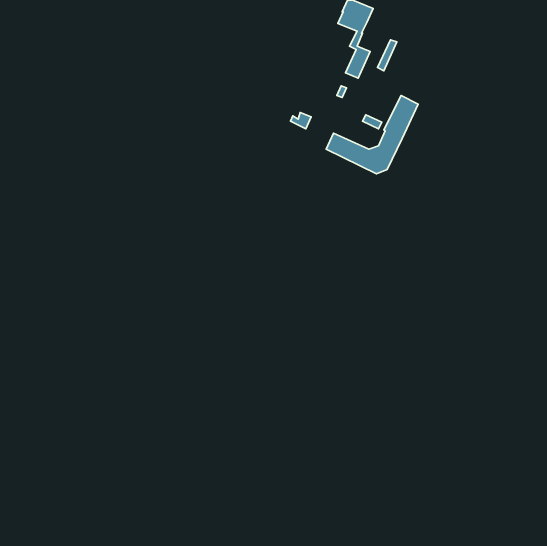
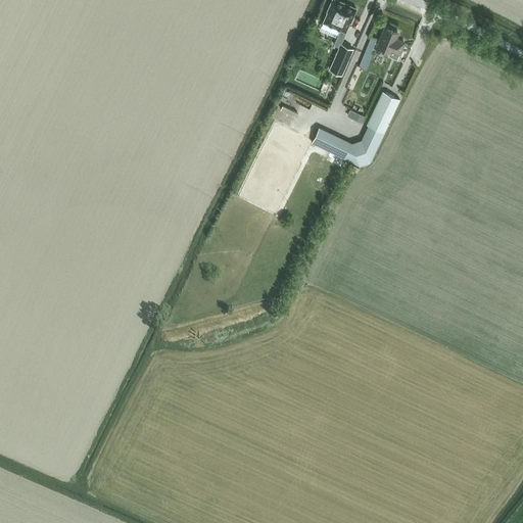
building: none -> [376,29,403,55]

